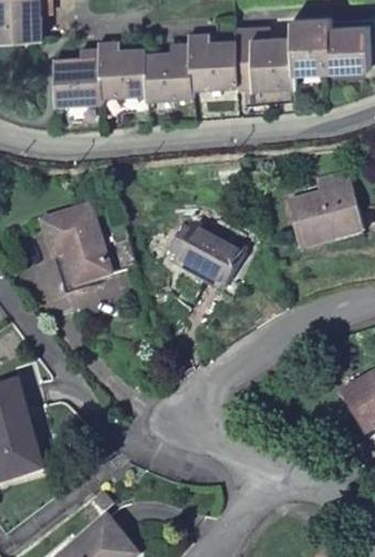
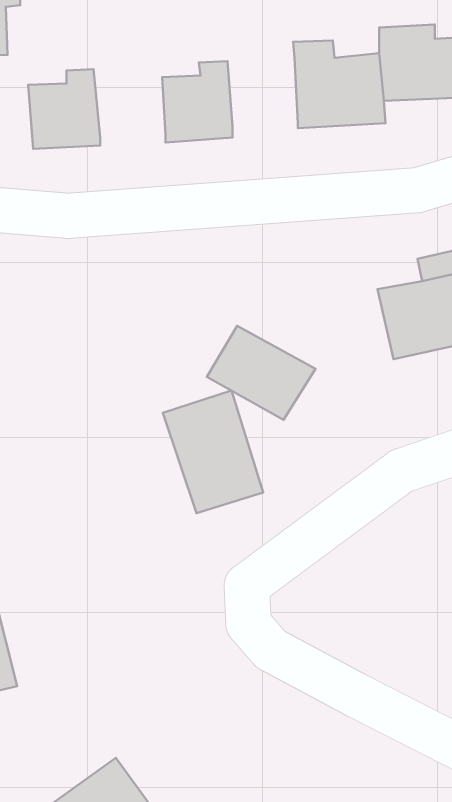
building: [186,34,235,87] -> none
building: [96,41,145,95] -> none
building: [42,203,111,287] -> [163,391,263,513]

